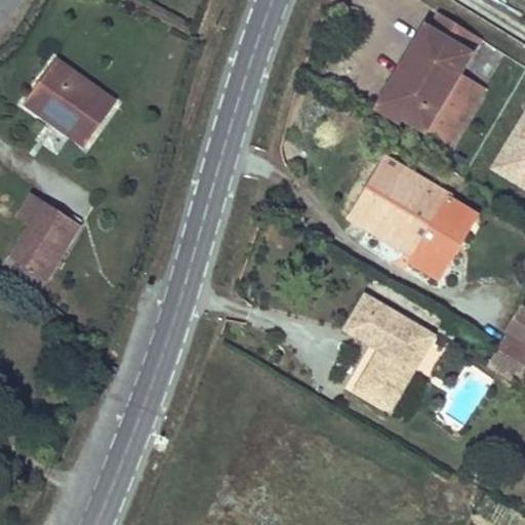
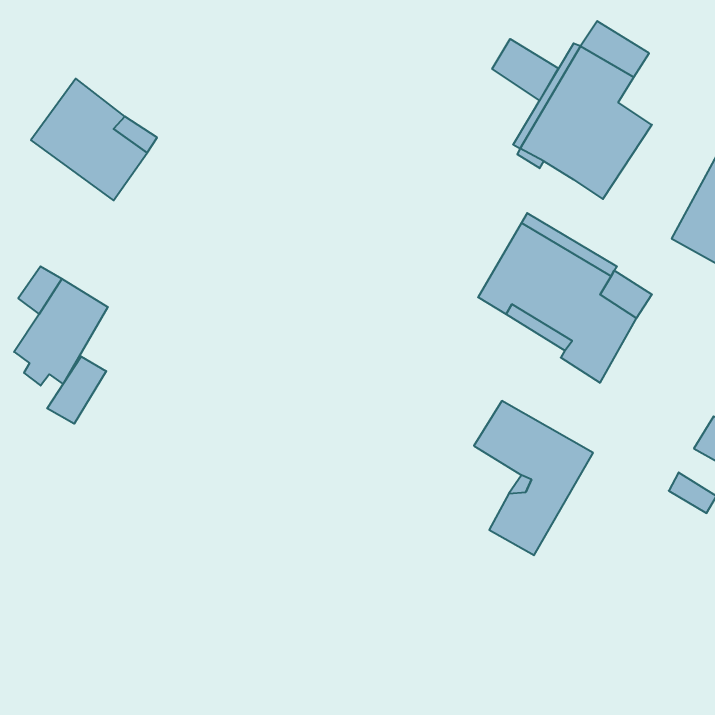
building: none -> [492,39,558,100]
building: none -> [47,356,106,424]

